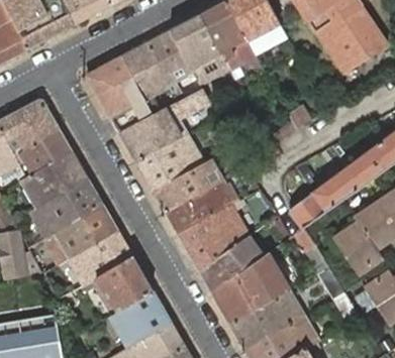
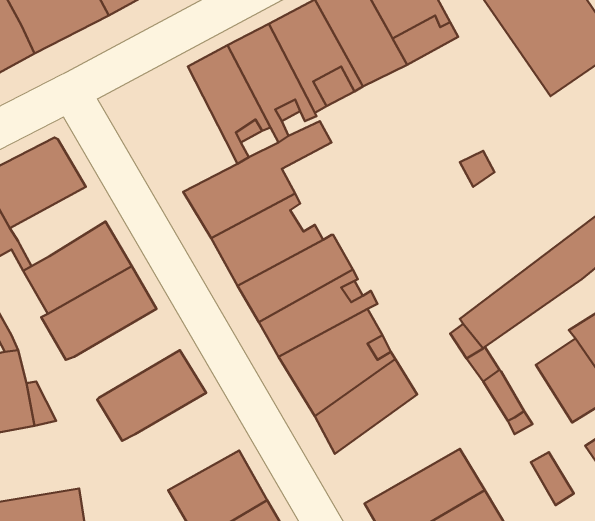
building: [86,55,152,132] -> none
building: [12,129,71,171] -> none
building: [43,204,116,263] -> none
building: [211,252,288,323] -> none
building: [89,255,153,315] -> none

